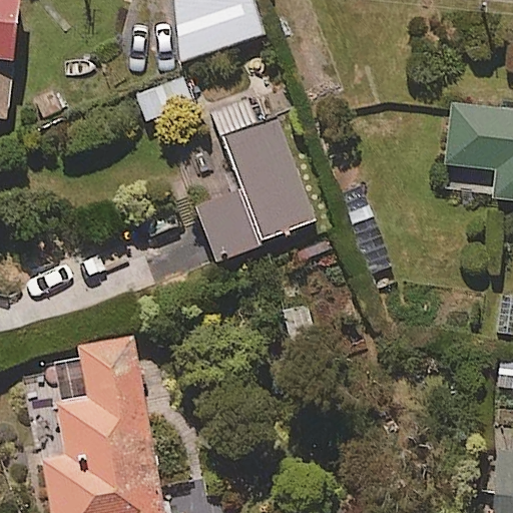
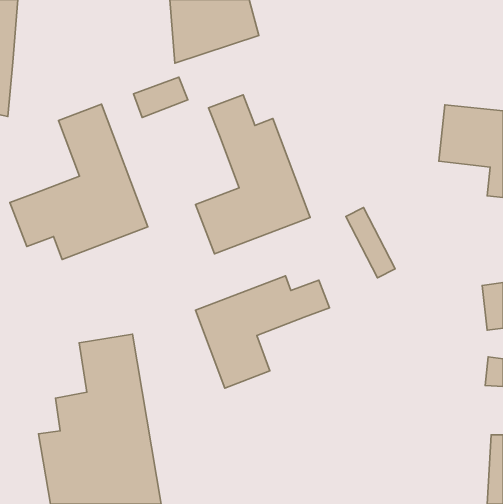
building: none -> [10,104,148,259]
building: none -> [195,276,330,388]

